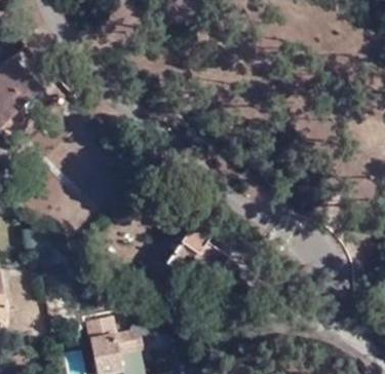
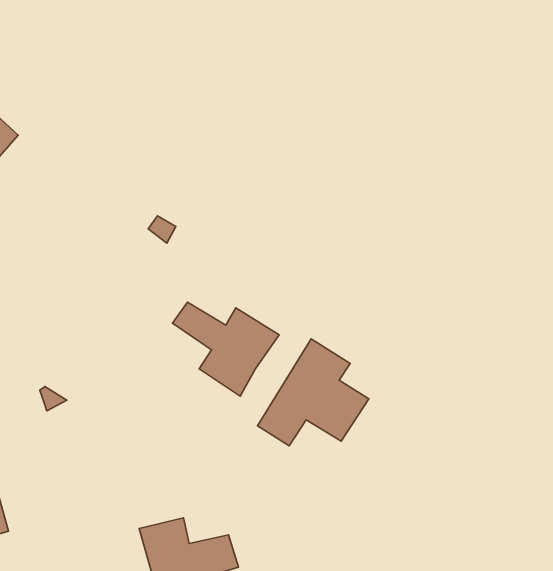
building: none -> [172,302,279,396]

